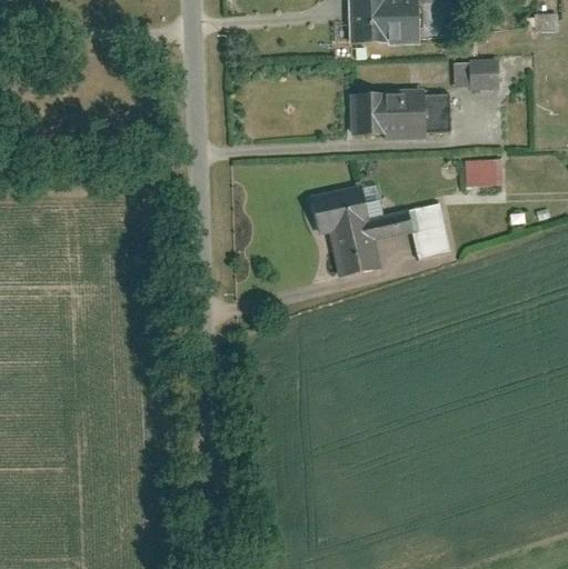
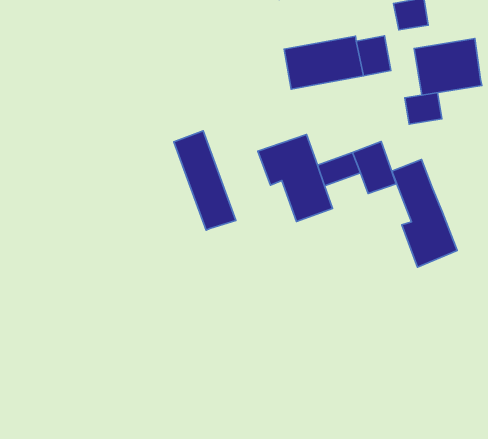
building: none -> [414,39,482,95]
building: none -> [174,131,236,230]
building: none -> [392,160,457,267]

